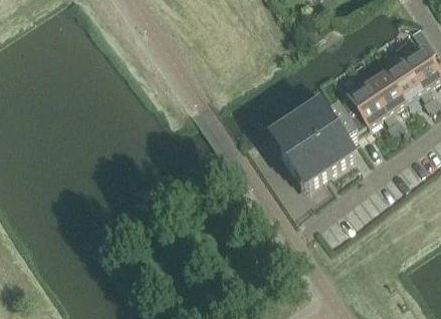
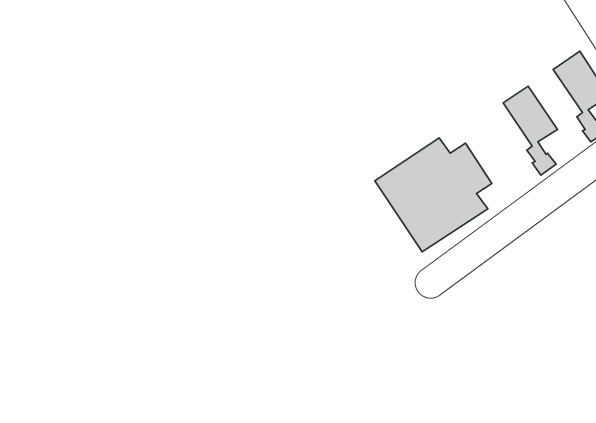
building: [383,55,422,98] -> none
building: [346,79,386,123] -> none

